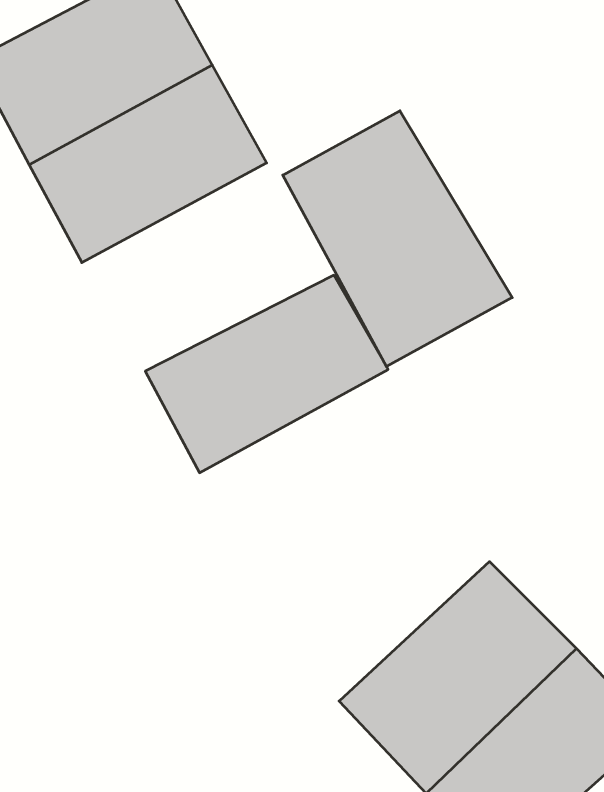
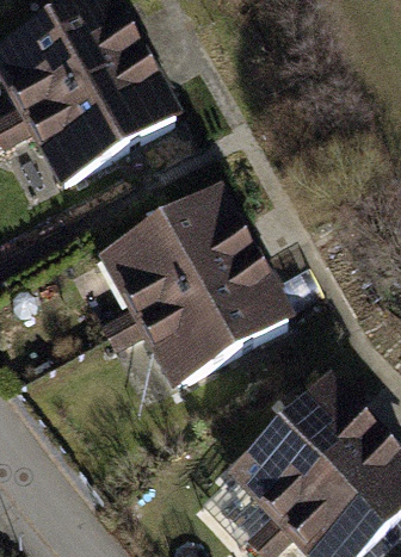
building: [283,111,512,367] -> none
building: none -> [134,250,294,384]

